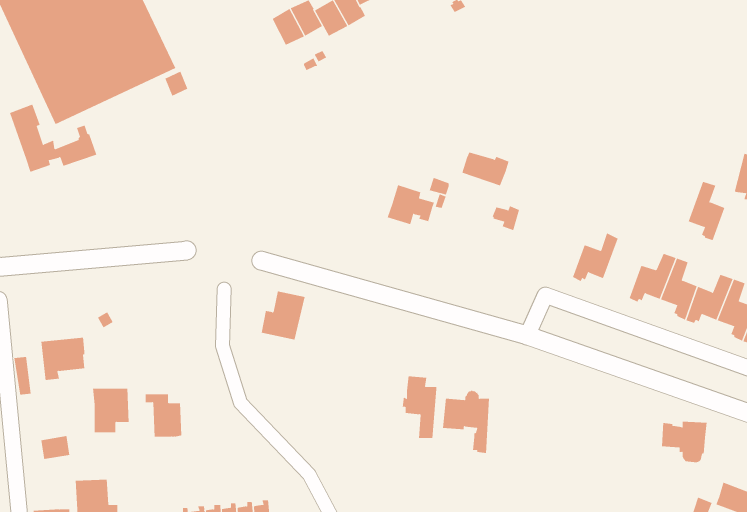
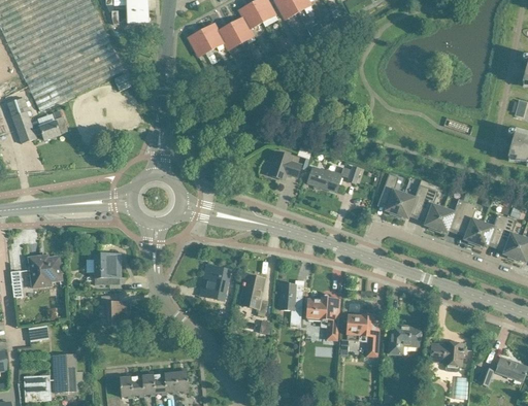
building: [462,152,509,186] -> [308,168,341,192]
building: [688,181,725,241] -> [418,189,443,230]
building: none -> [377,173,404,215]
building: [253,291,306,340] -> [195,266,231,300]
building: none -> [239,274,268,316]
building: [92,388,130,433] -> [94,253,120,284]
building: none -> [346,311,380,353]
building: [661,421,707,463] -> [431,343,463,372]
building: none -> [389,325,420,354]

